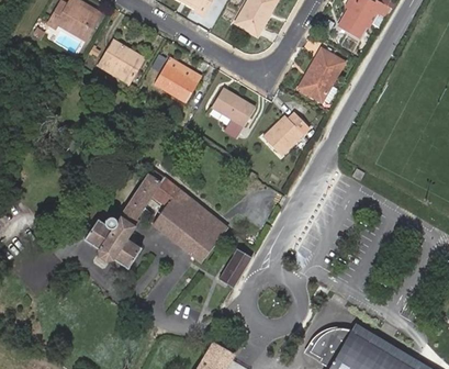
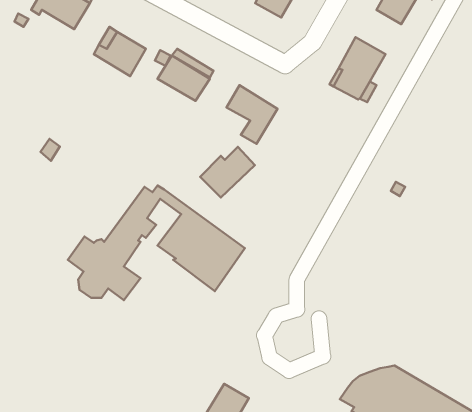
building: [266,113,312,156] -> [200,147,255,198]
building: [223,246,255,284] -> none

